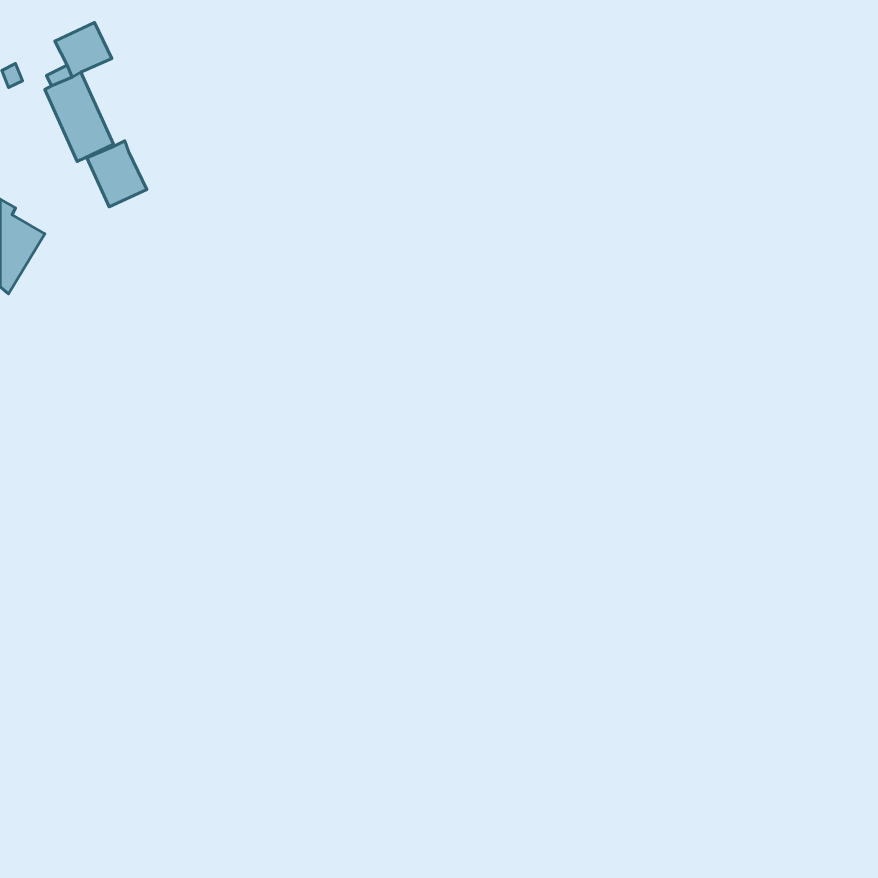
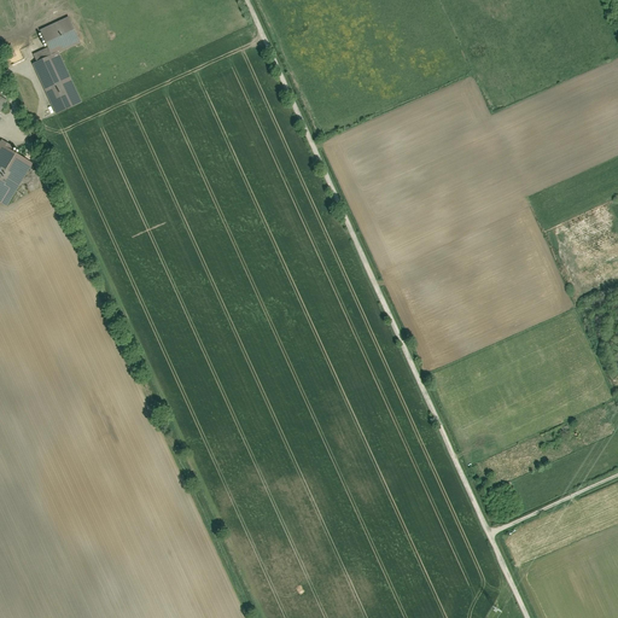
building: [87,141,147,207] -> none

